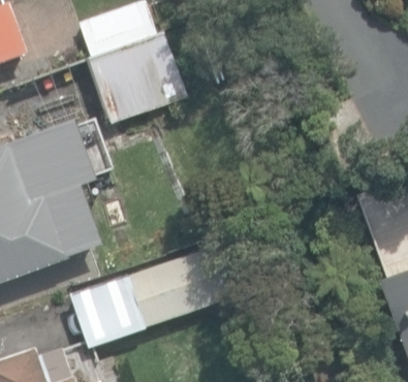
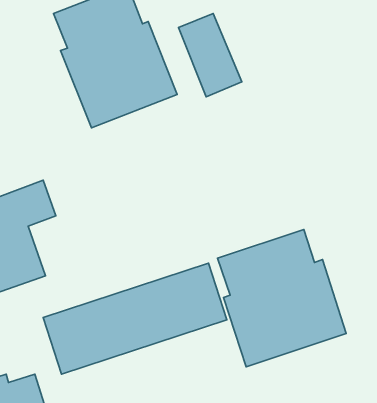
building: none -> [217,229,346,367]

